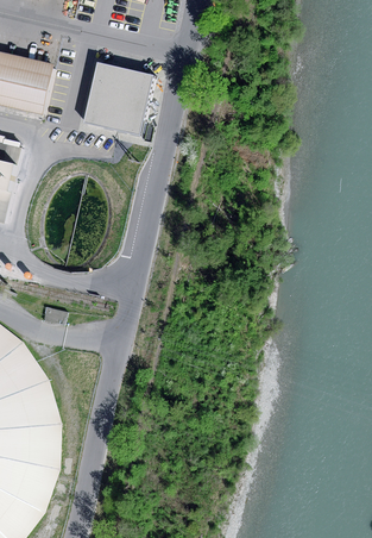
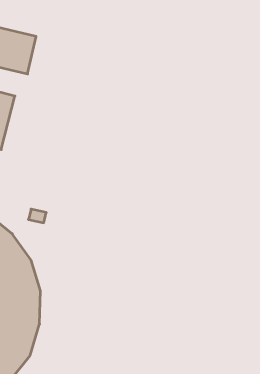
building: [82,58,159,139] -> none

